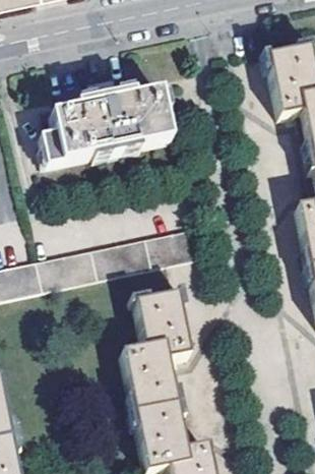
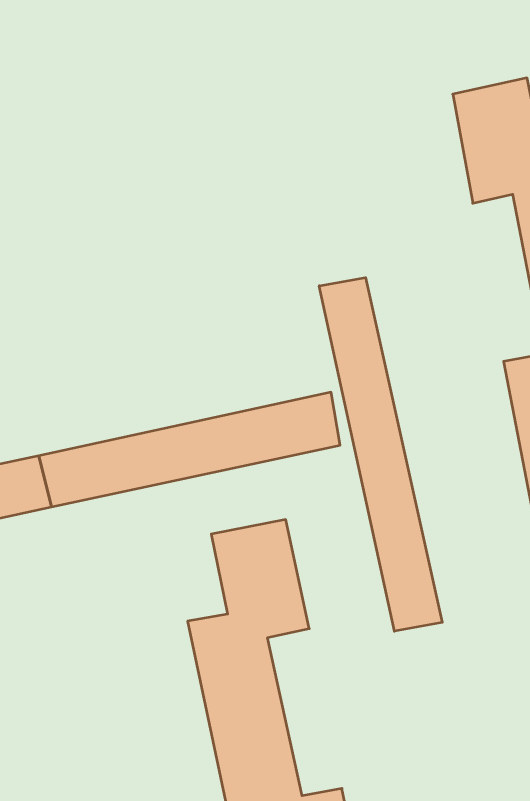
building: [42,85,172,166] -> none
building: none -> [319,278,442,631]

